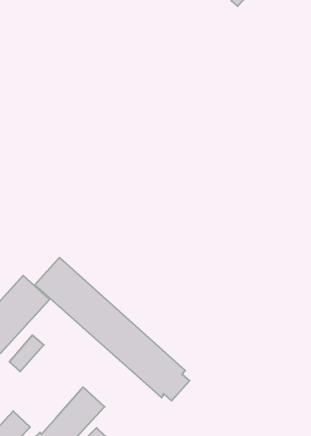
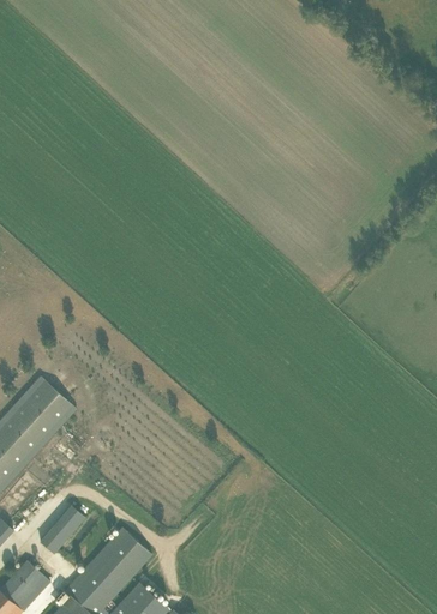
building: [35,258,190,401] -> none
building: [9,335,44,372] -> [40,504,86,553]

